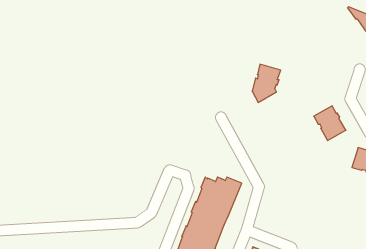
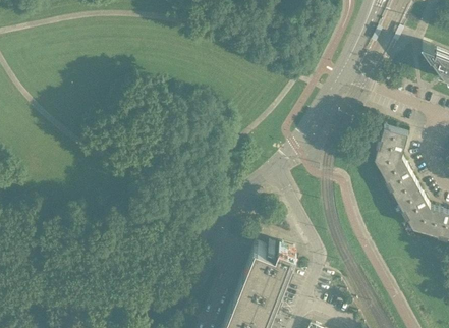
building: [252,64,281,102] -> [375,126,408,171]
building: none -> [398,187,434,231]

